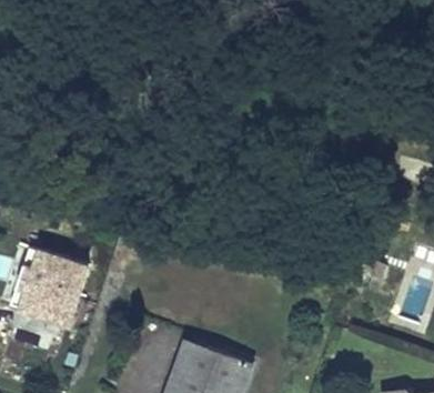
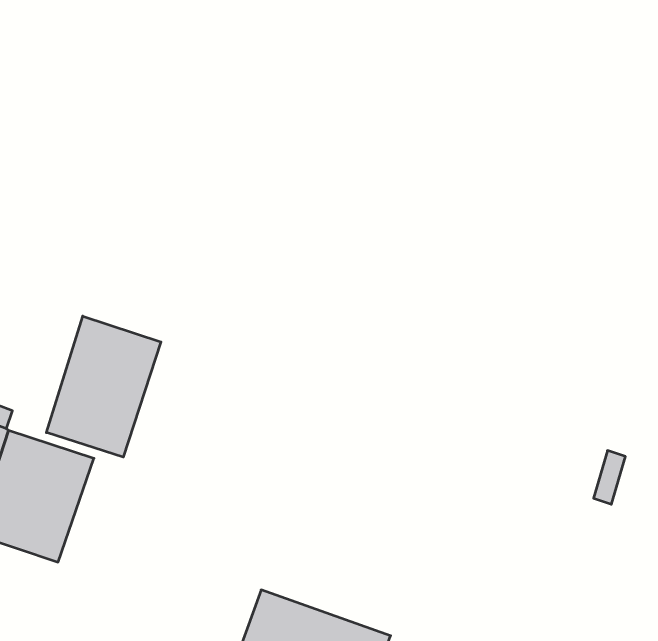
building: none -> [46,316,161,457]

